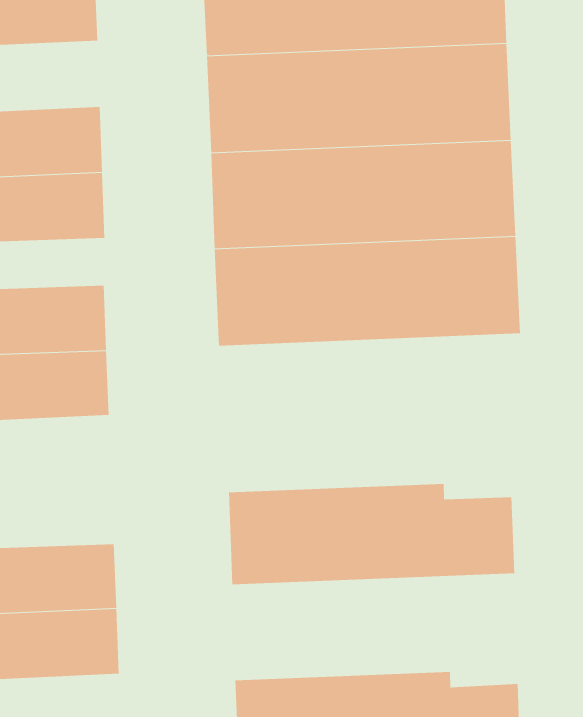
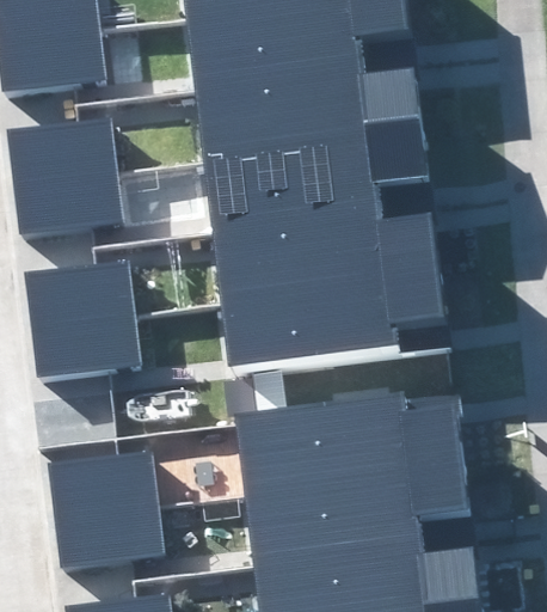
building: none -> [219,273,457,374]
building: none -> [244,457,466,556]

